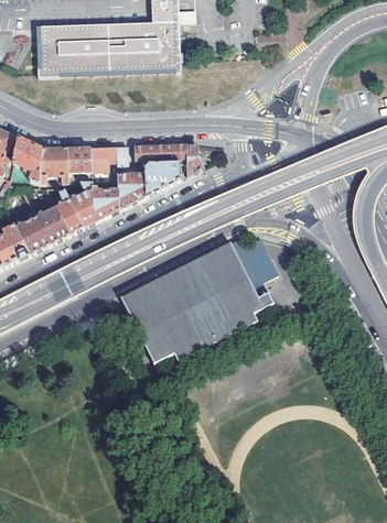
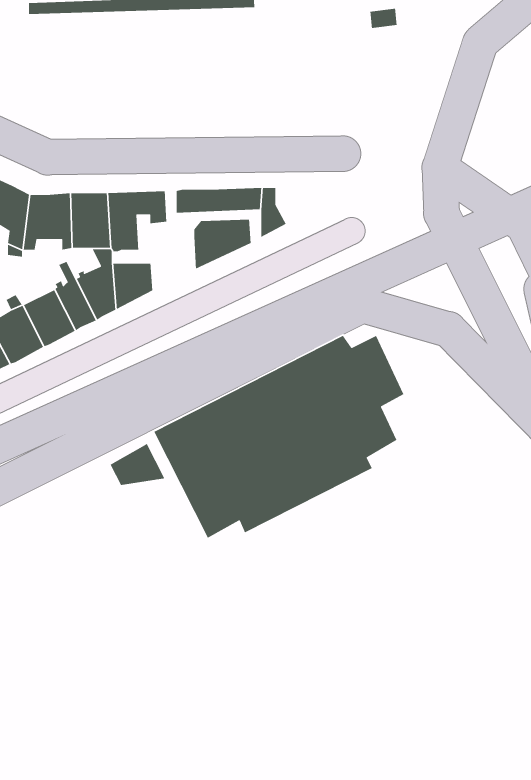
building: [41,31,184,78] -> none
building: [118,171,146,208] -> none
building: none -> [110,443,165,486]

